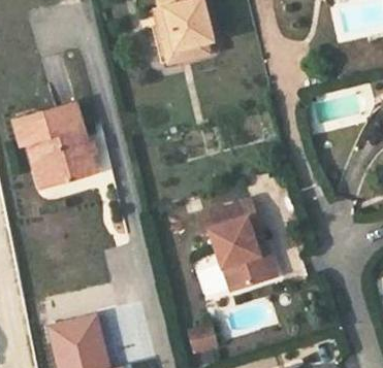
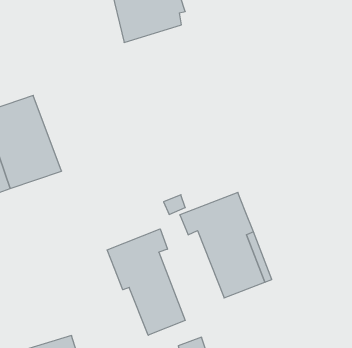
building: none -> [107,229,185,335]

